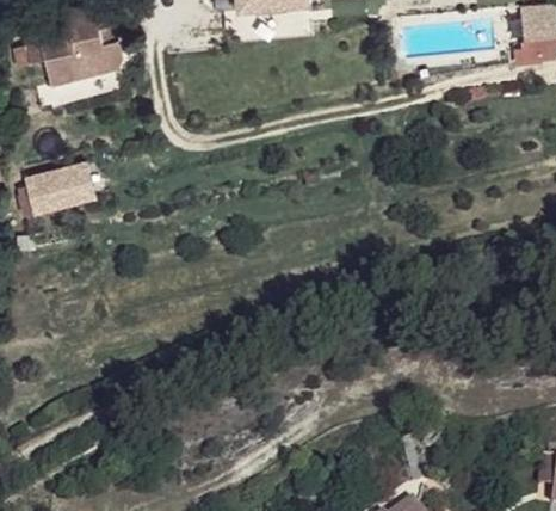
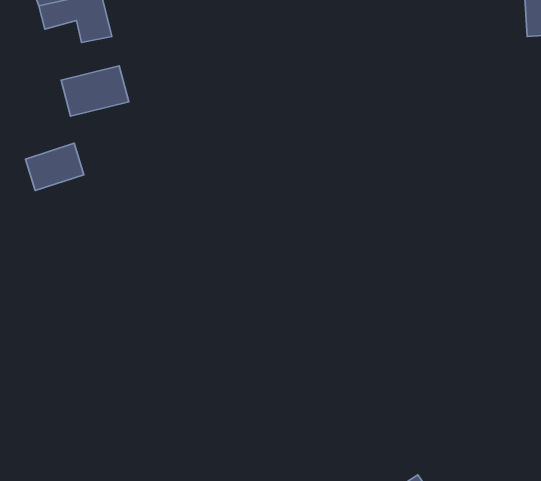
building: none -> [61,66,129,116]

